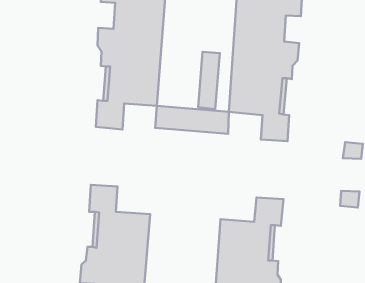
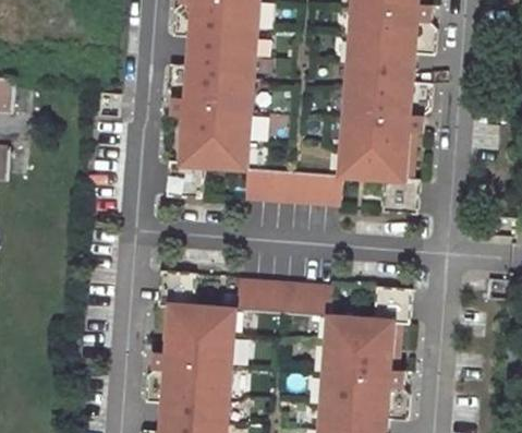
building: [198,52,220,109] -> none
building: none -> [235,279,329,315]

